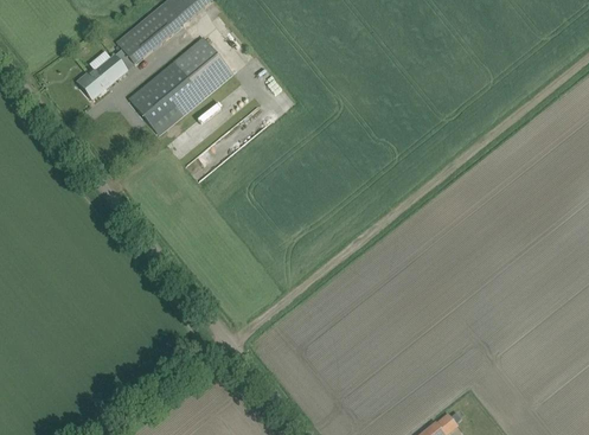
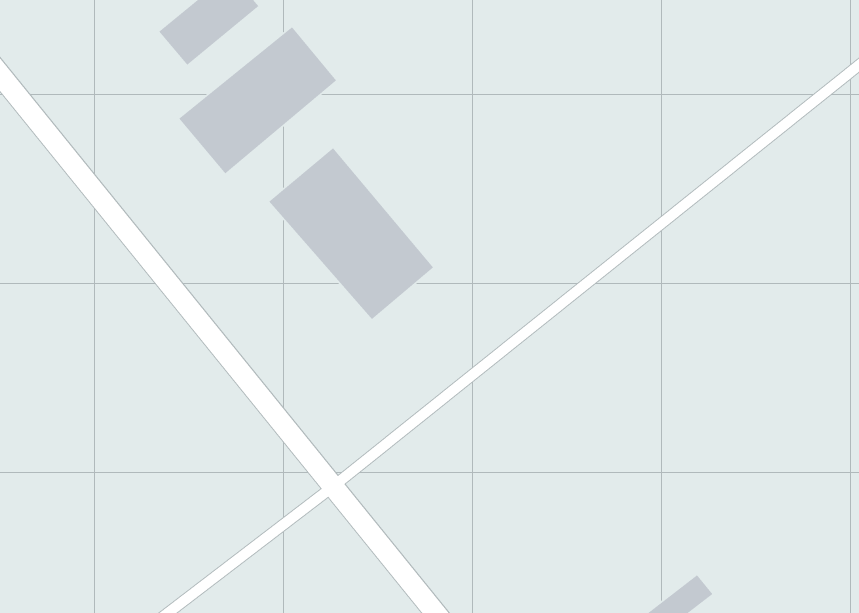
building: [77,56,128,98] -> none
building: none -> [268,147,434,320]

